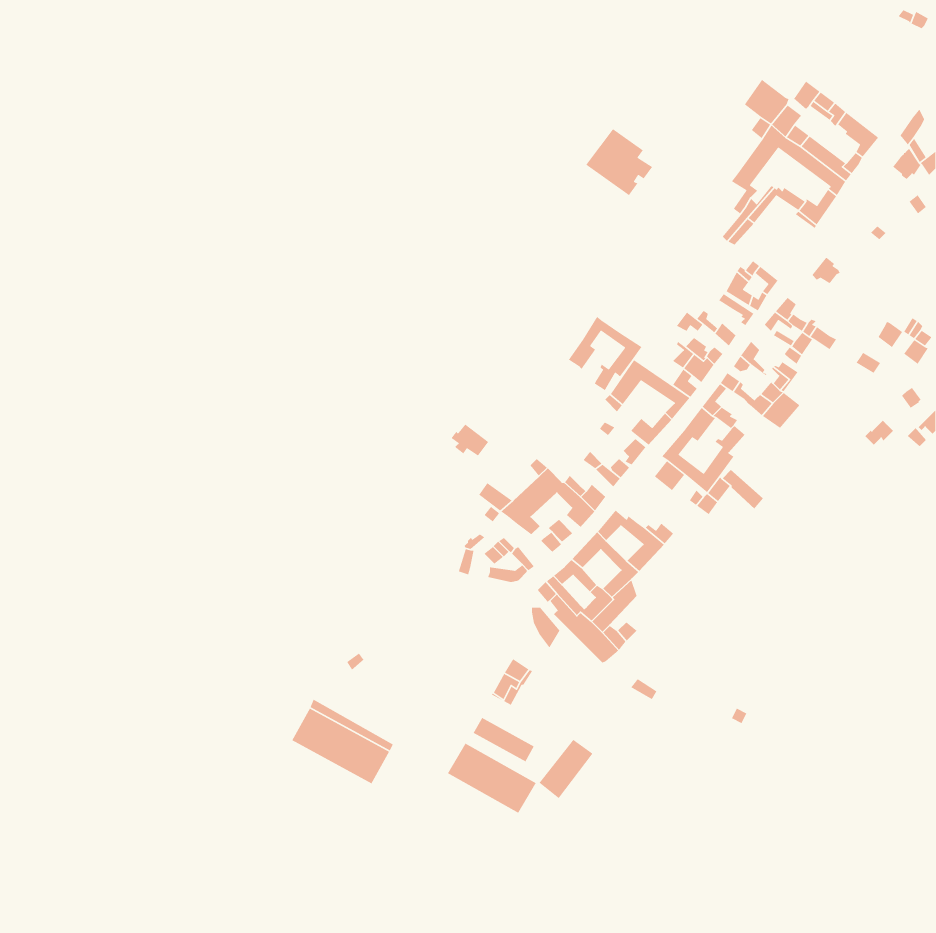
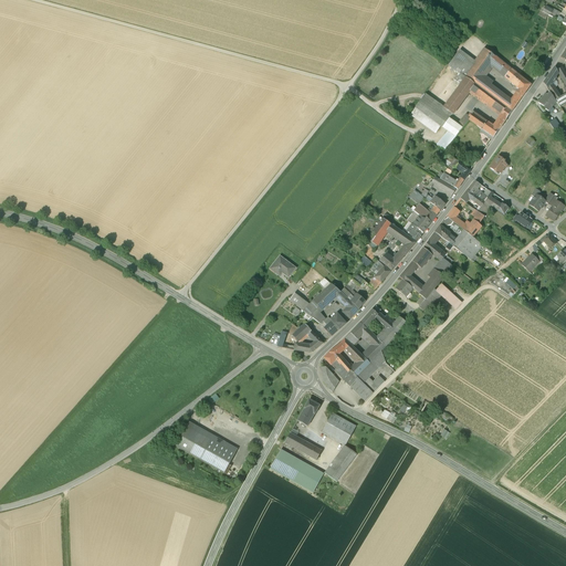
building: [585,128,653,196] -> [409,92,450,133]
building: [568,316,642,391] -> none
building: none -> [322,412,357,444]

